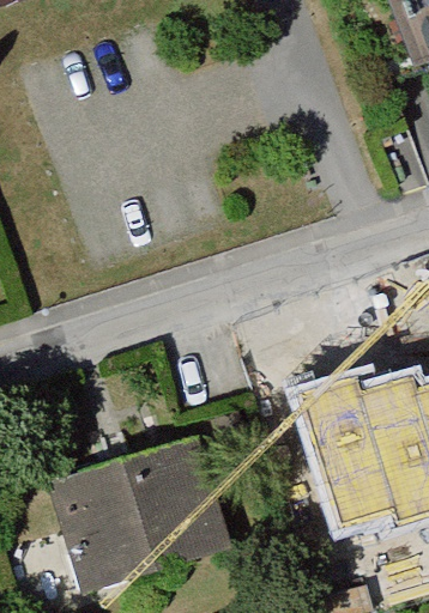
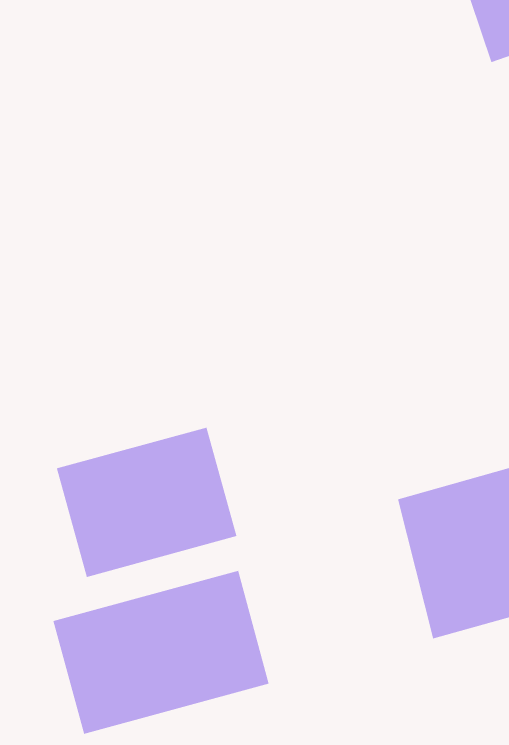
building: none -> [56,427,237,578]

